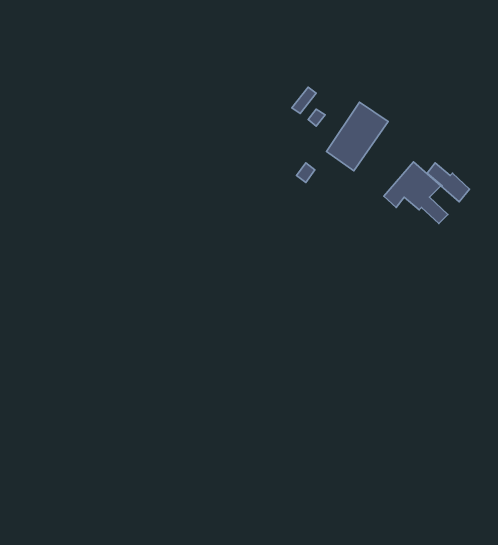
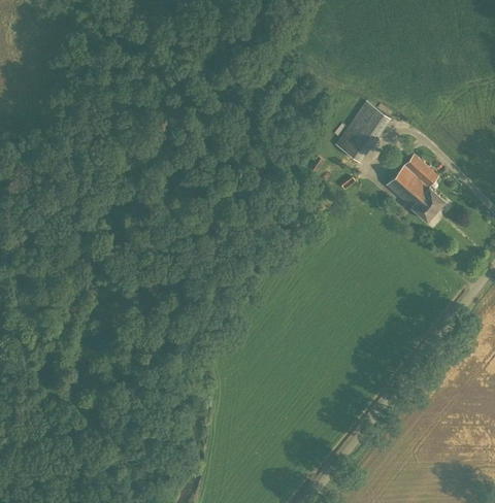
building: [427,163,470,202] -> [398,187,436,222]

